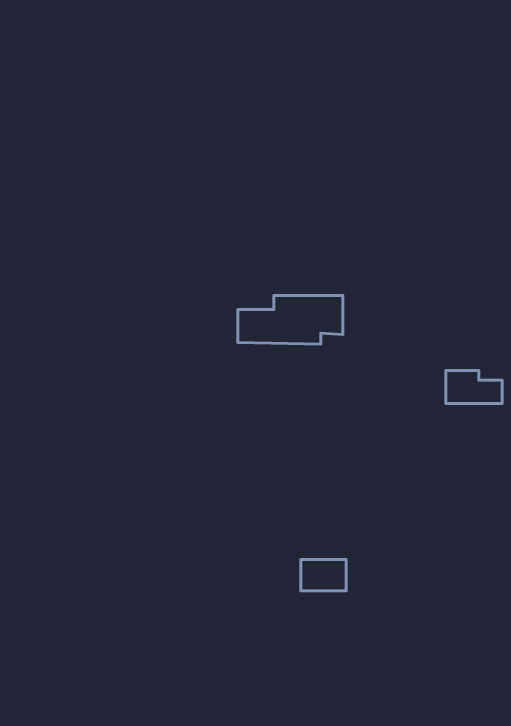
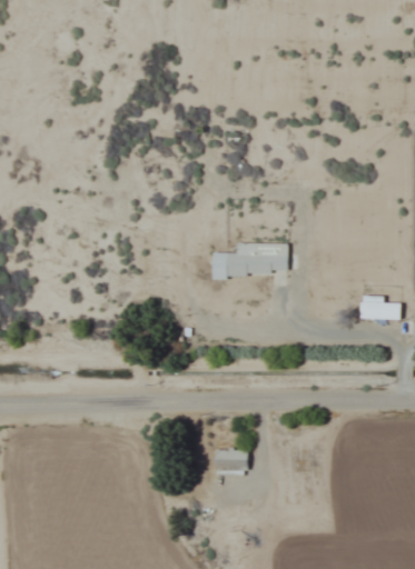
building: [301,559,346,591] -> [215,450,247,472]

